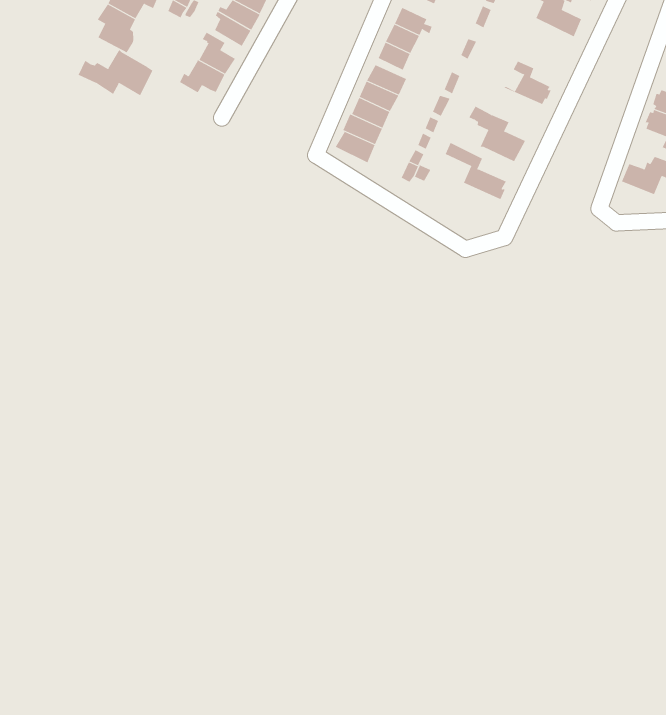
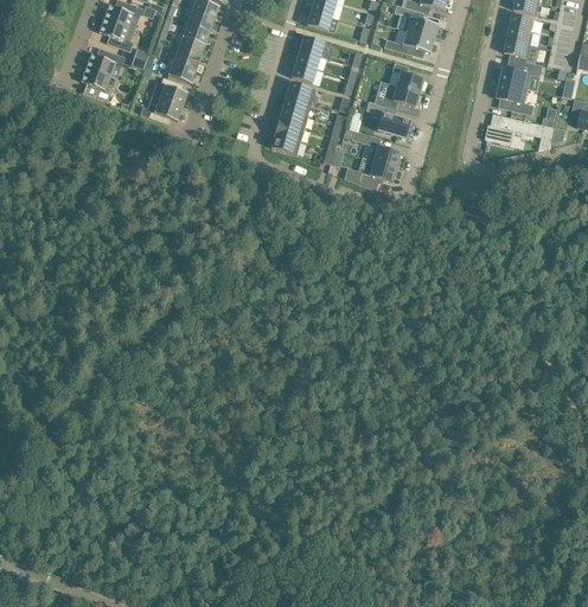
building: none -> [385,27,435,55]
building: [78,49,153,96] -> none
building: none -> [383,83,420,108]
building: none -> [345,158,400,190]

